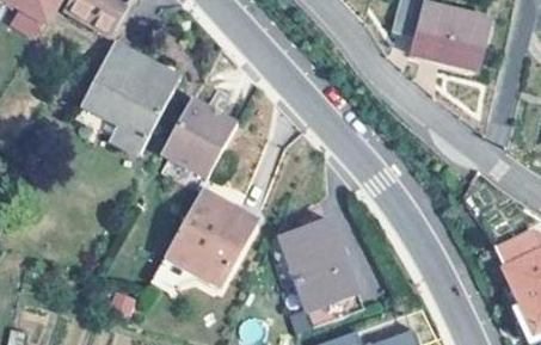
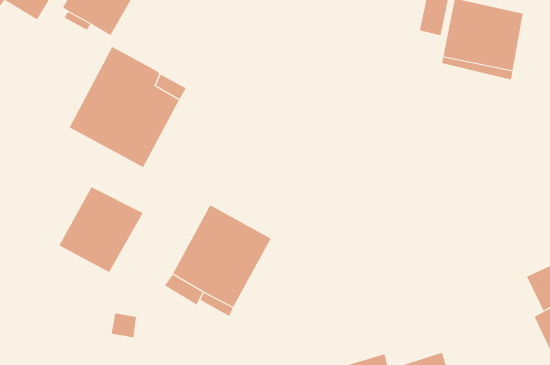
building: [160,99,238,178] -> [59,187,144,273]
building: [282,217,363,326] -> none

